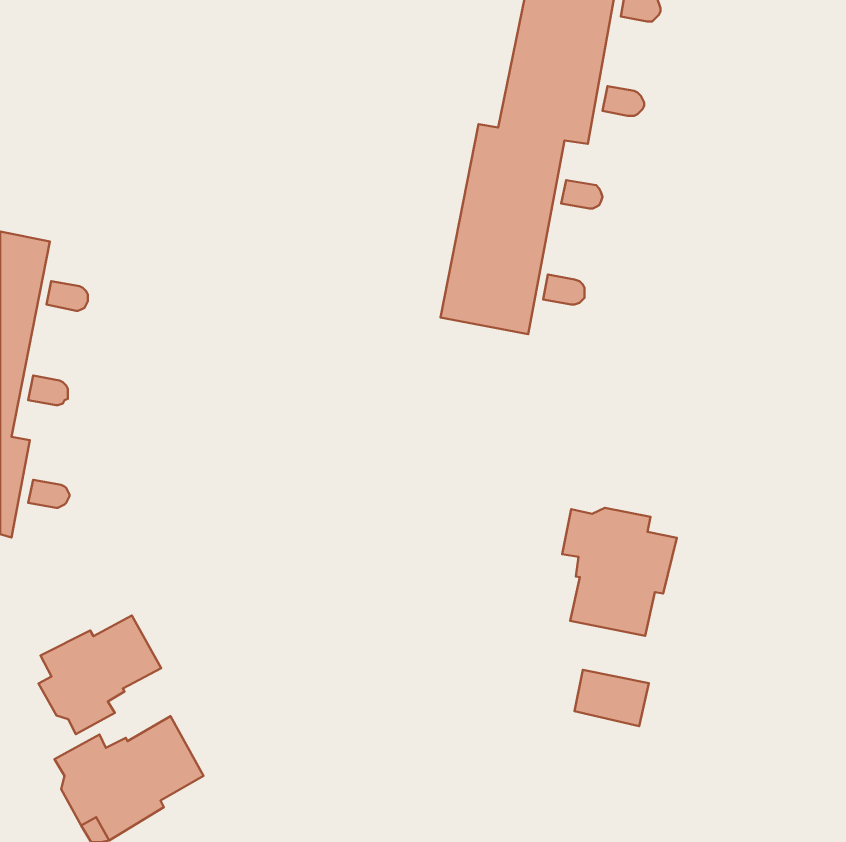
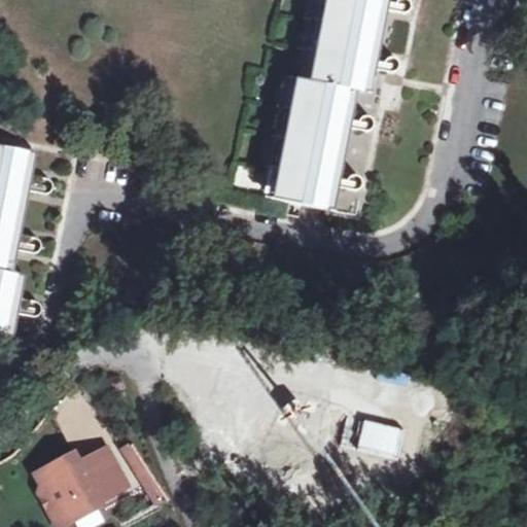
building: [562,508,677,636] -> none
building: [39,616,161,734] -> none

